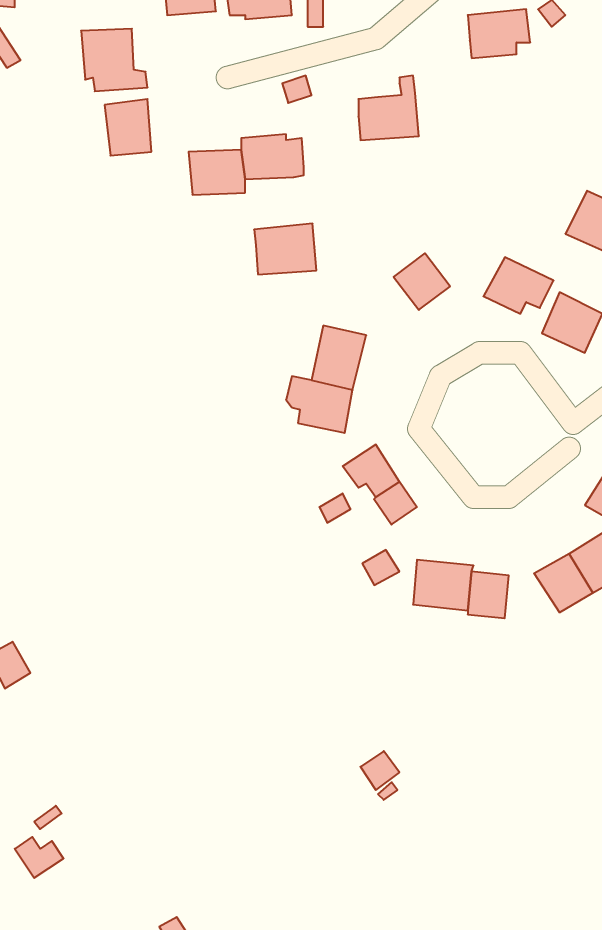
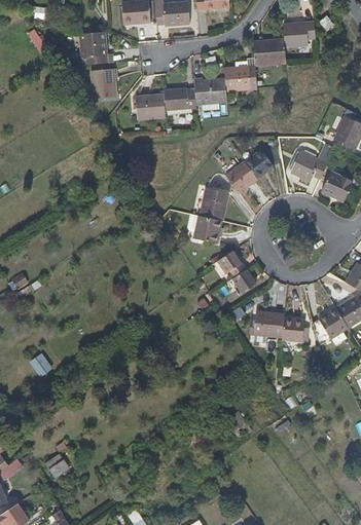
building: none -> [252,37,285,65]
building: [254,224,316,274] -> [193,77,226,104]
building: none -> [224,161,256,192]

